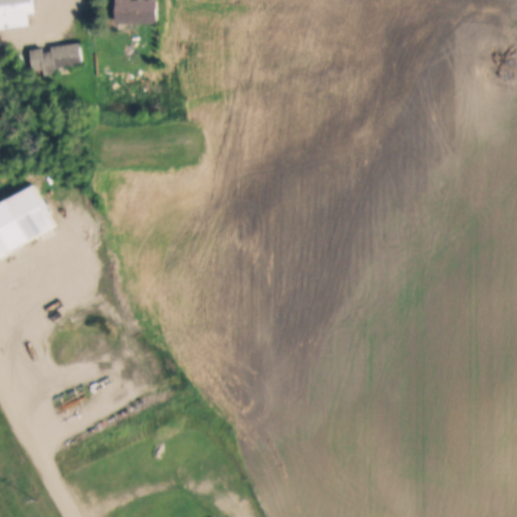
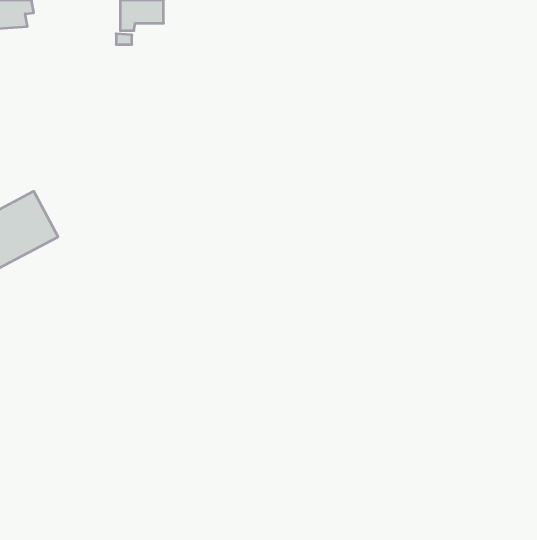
building: [28,42,81,76] -> none

